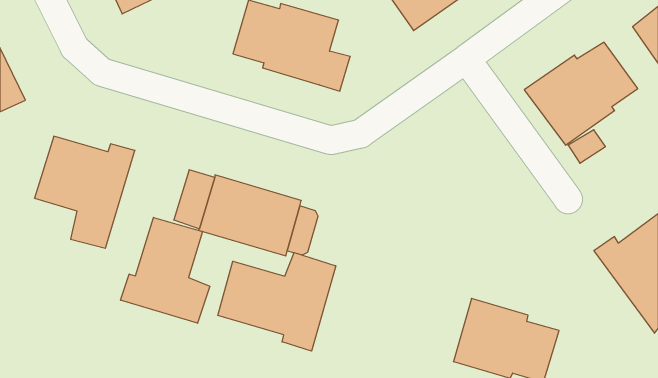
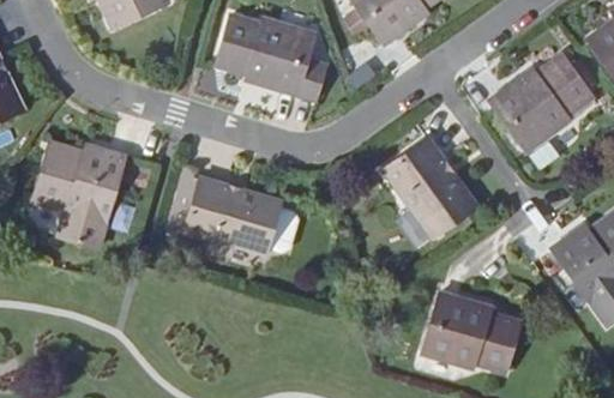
building: none -> [384,137,477,236]
building: [121,217,210,323] -> none
building: [218,253,336,351] -> none

